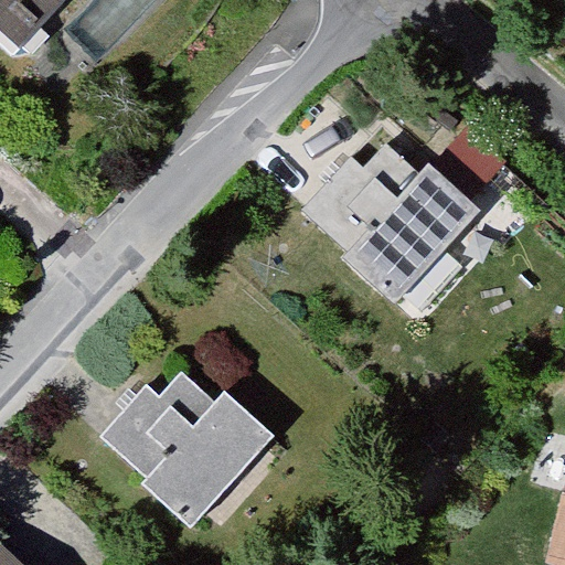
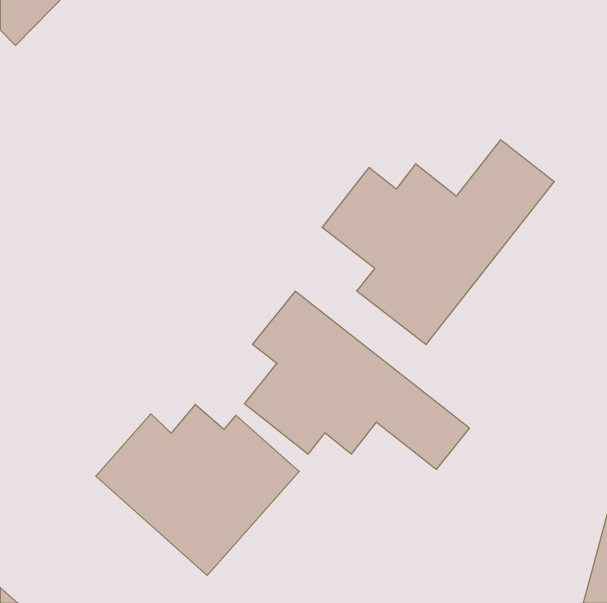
building: none -> [244,291,469,469]

